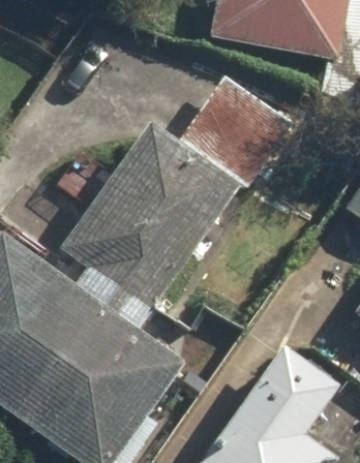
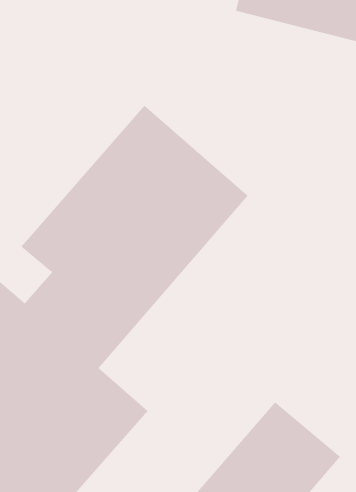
building: [185,73,278,185] -> none

